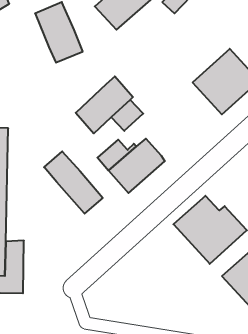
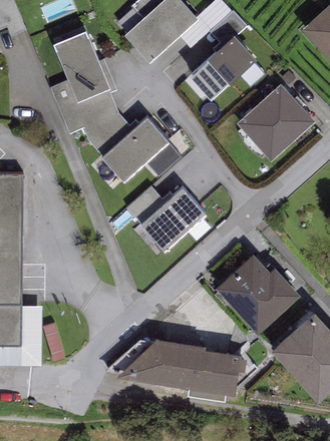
building: none -> [191,32,256,98]
building: none -> [49,61,136,158]
building: [44,151,103,214] -> none
building: none -> [116,339,240,395]

